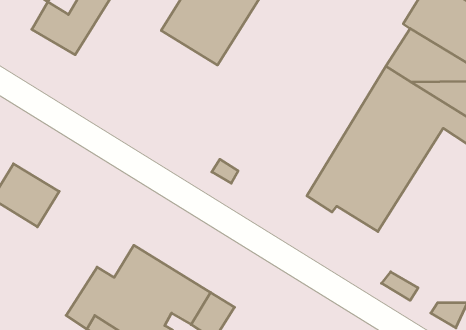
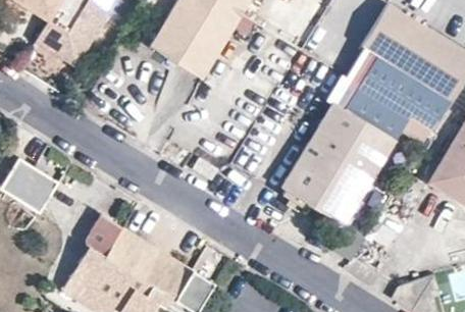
building: none -> [84,219,126,264]

